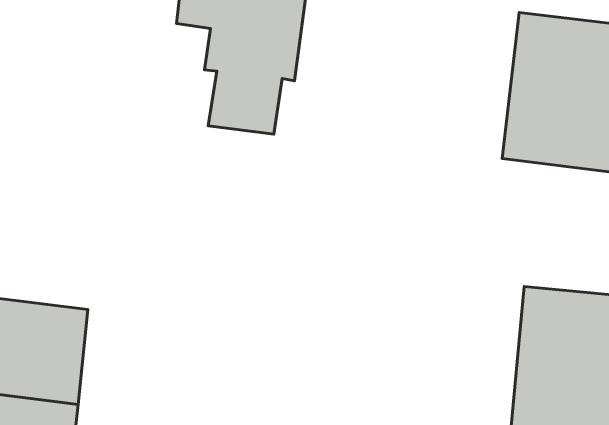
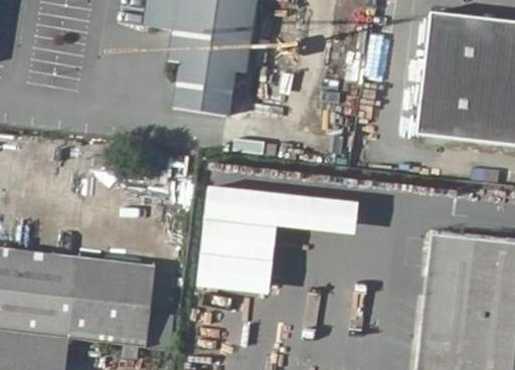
building: none -> [190,181,351,290]
building: none -> [67,258,158,346]

